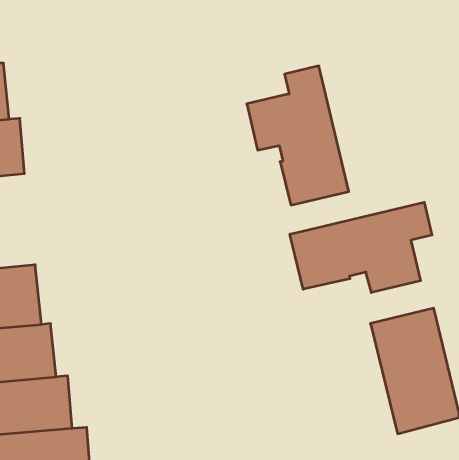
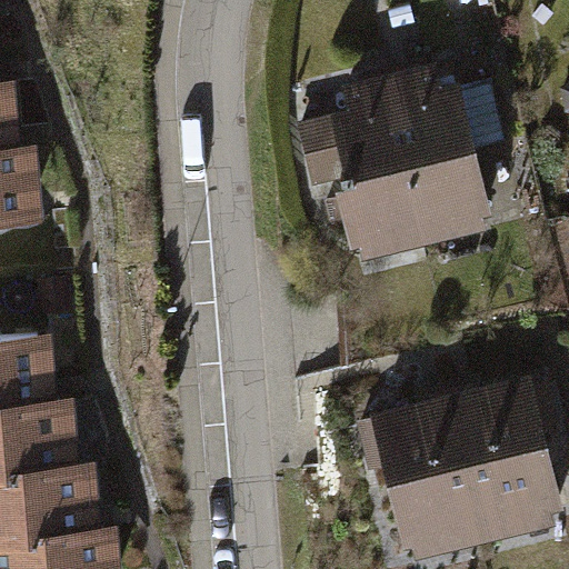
building: none -> [392,73,503,237]
building: [290,202,432,293] -> none
building: none -> [377,401,488,556]

